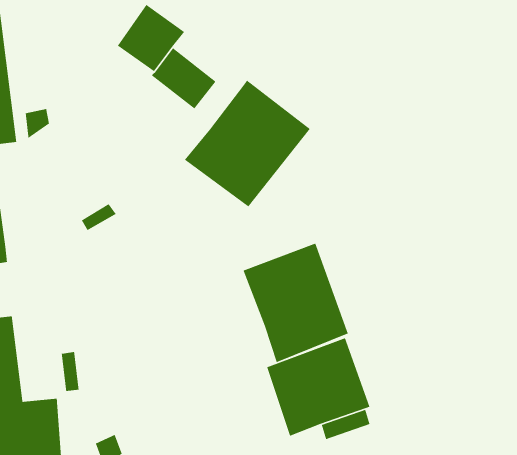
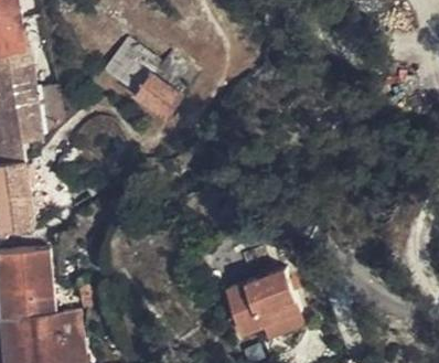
building: [184,79,311,207] -> none
building: [242,242,349,363] -> none

